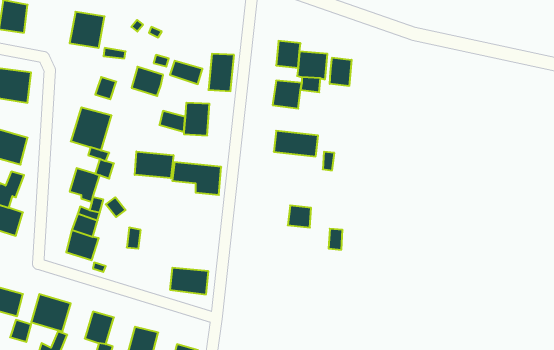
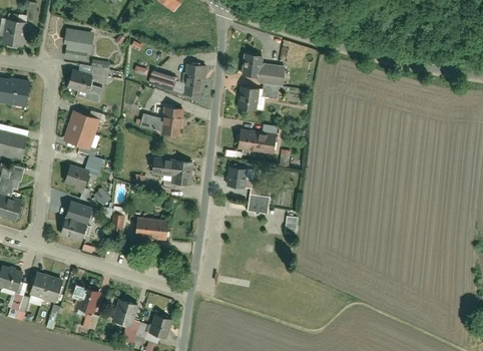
building: [330,58,352,86] -> none
building: [132,67,163,96] -> [65,68,92,93]
building: [135,151,173,178] -> none
building: none -> [227,166,249,188]
building: [170,268,208,294] -> [134,217,167,240]

